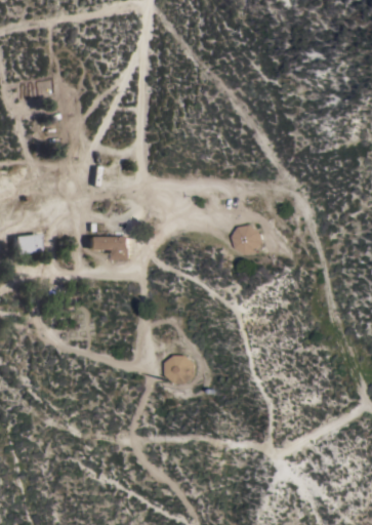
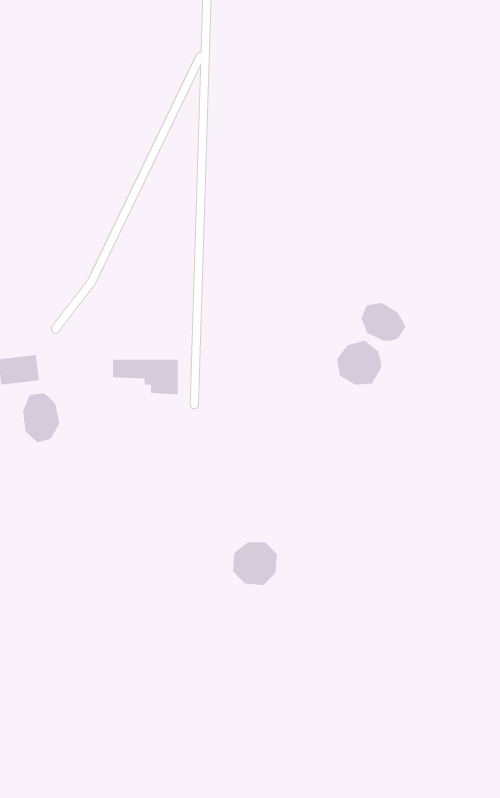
building: none -> [361,302,406,342]
building: none -> [22,393,60,443]

